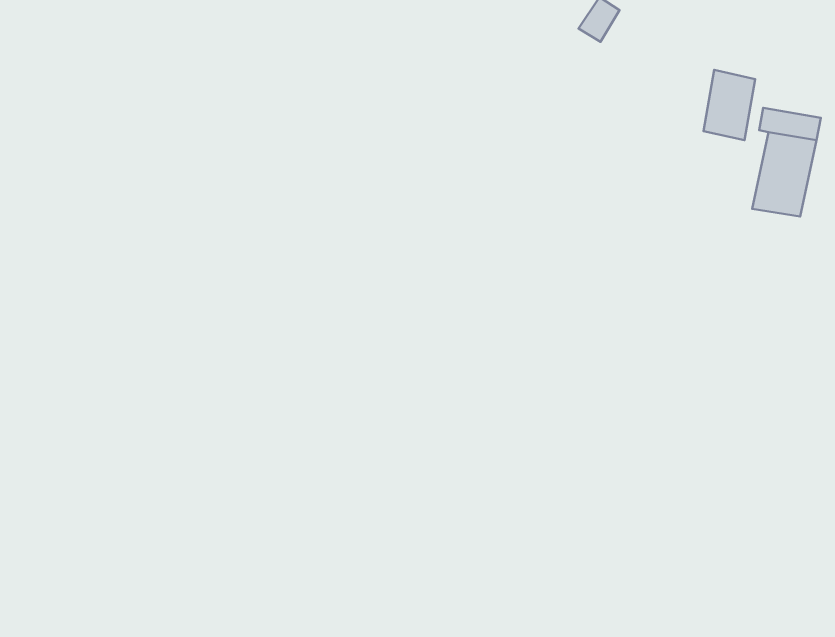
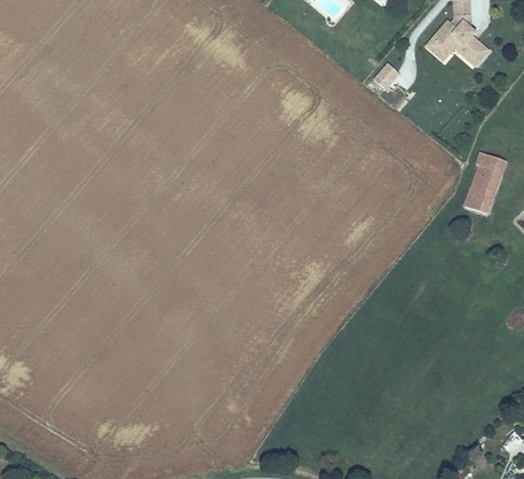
building: [703,70,755,140] -> none

